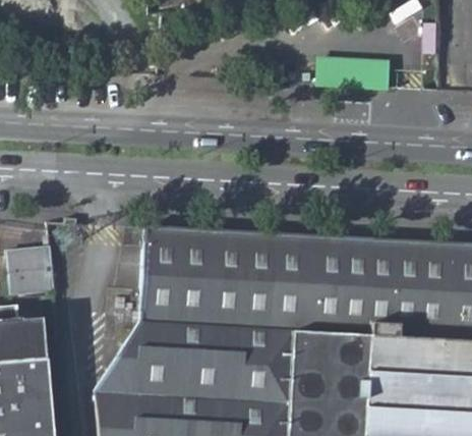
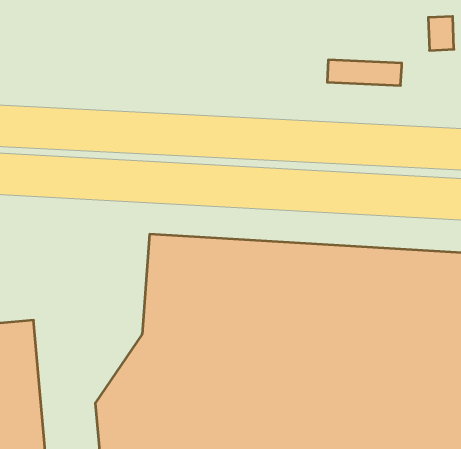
building: [9,240,56,287] -> none

